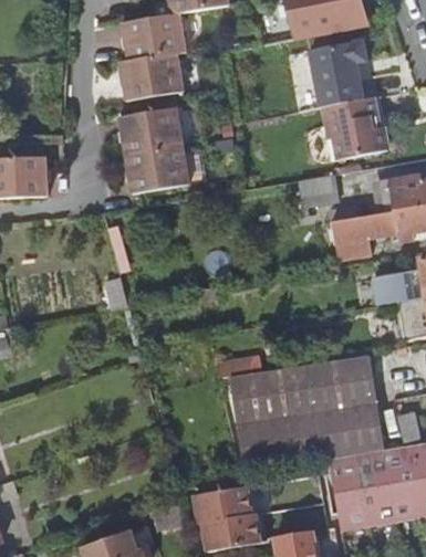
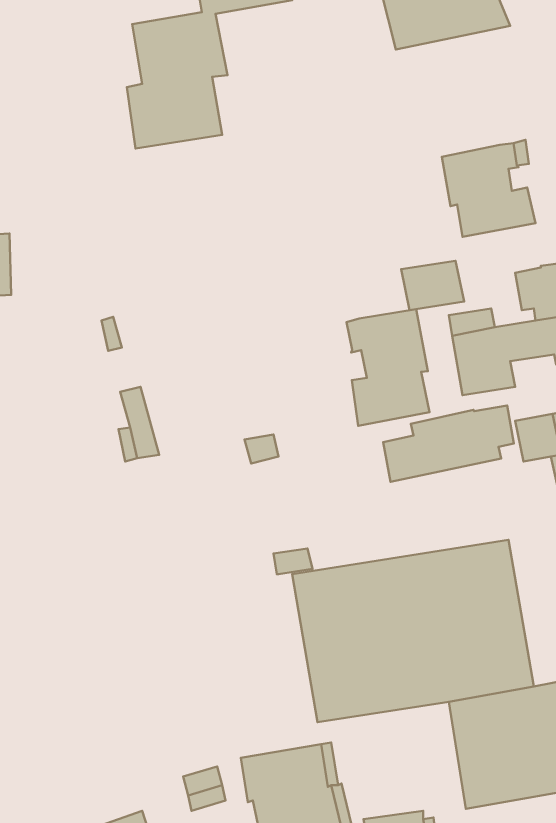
building: [309,40,372,107] -> none
building: [118,105,189,191] -> none
building: none -> [346,309,429,426]
building: none -> [383,406,514,482]

